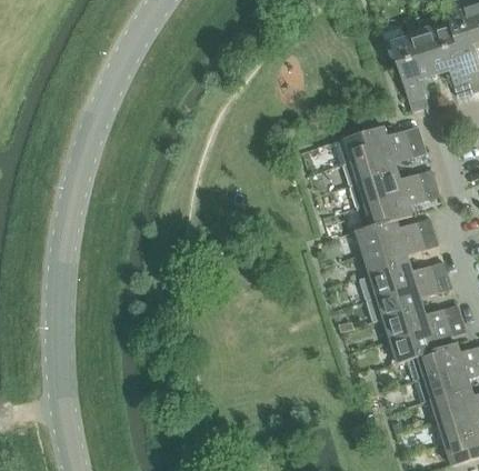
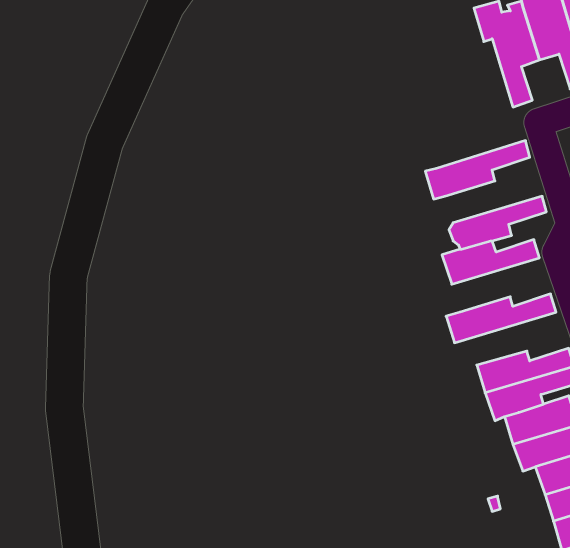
building: [333,126,423,164] -> none
building: [350,169,437,207] -> none
building: [365,232,439,275] -> none
building: [367,275,452,321] -> none

